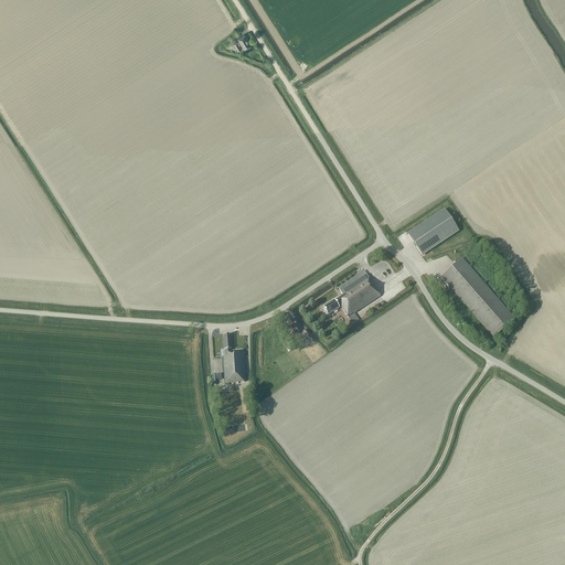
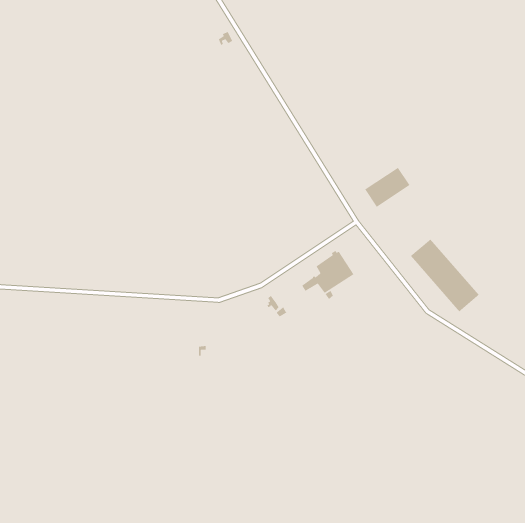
building: [408,209,458,253] -> [364,167,410,208]
building: [223,333,245,382] -> none

